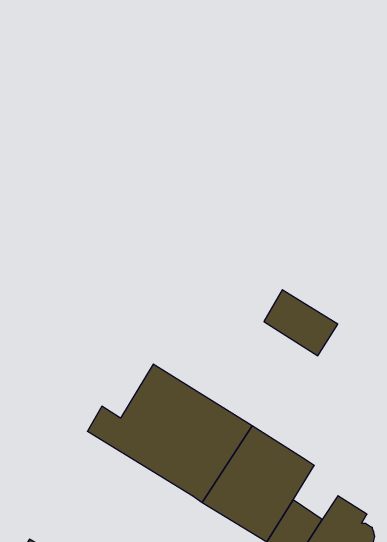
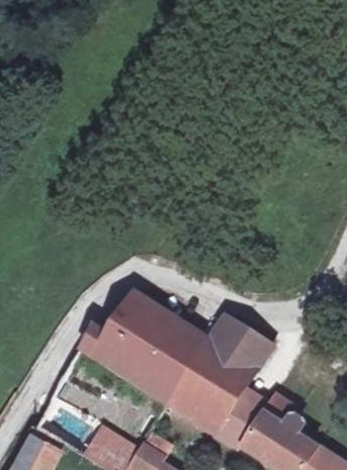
building: [264,290,338,356] -> [207,315,264,366]

